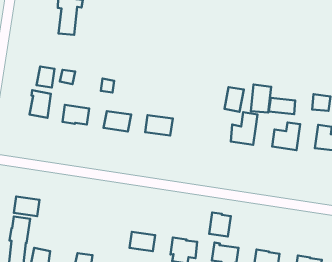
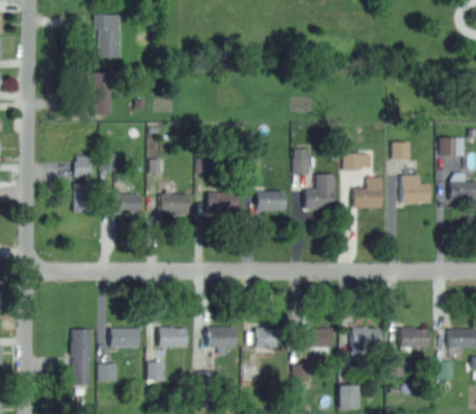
building: [251,85,271,113] -> none
building: none -> [256,191,283,211]
building: [14,197,39,216] -> [110,329,137,347]
building: [209,212,231,237] -> none
building: none -> [158,327,185,347]

